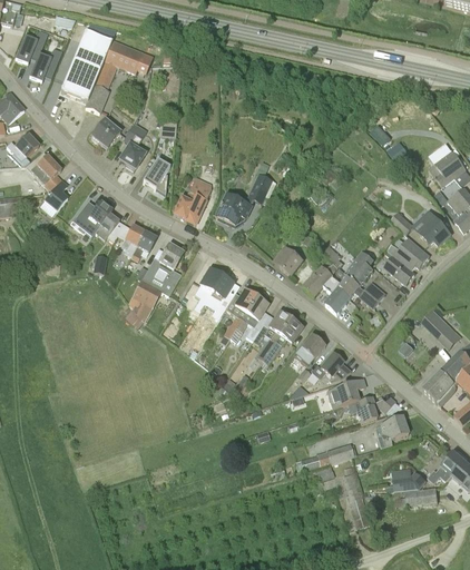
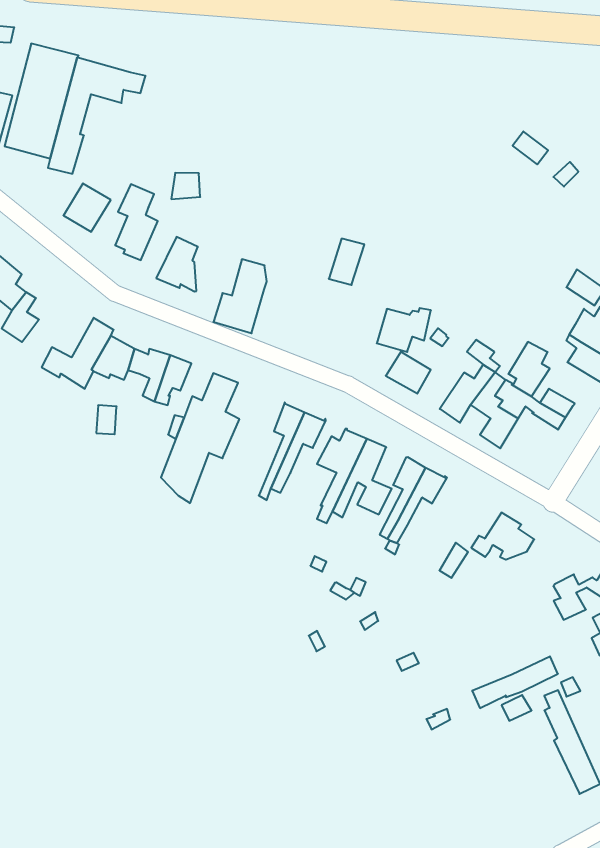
building: [216,196,252,224] -> [377,308,431,352]
building: [295,334,324,364] -> none
building: [325,377,364,407] -> none

